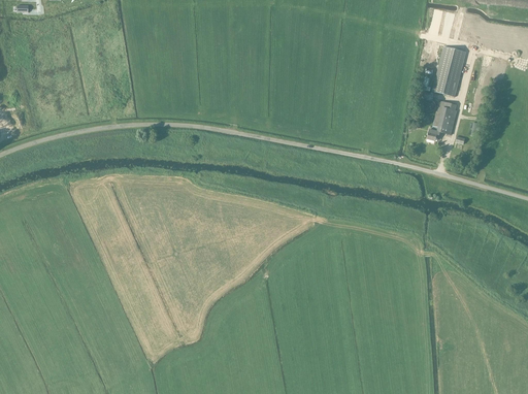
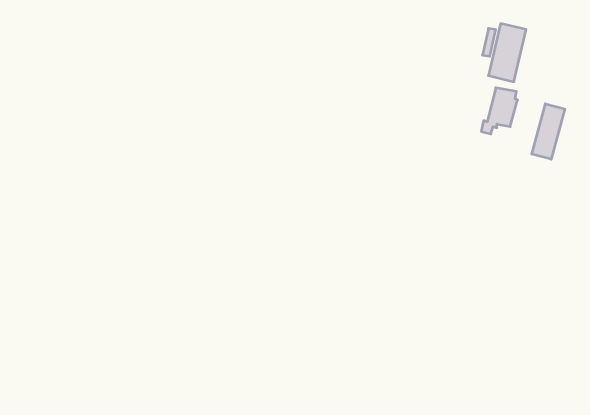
building: none -> [532,104,565,159]

